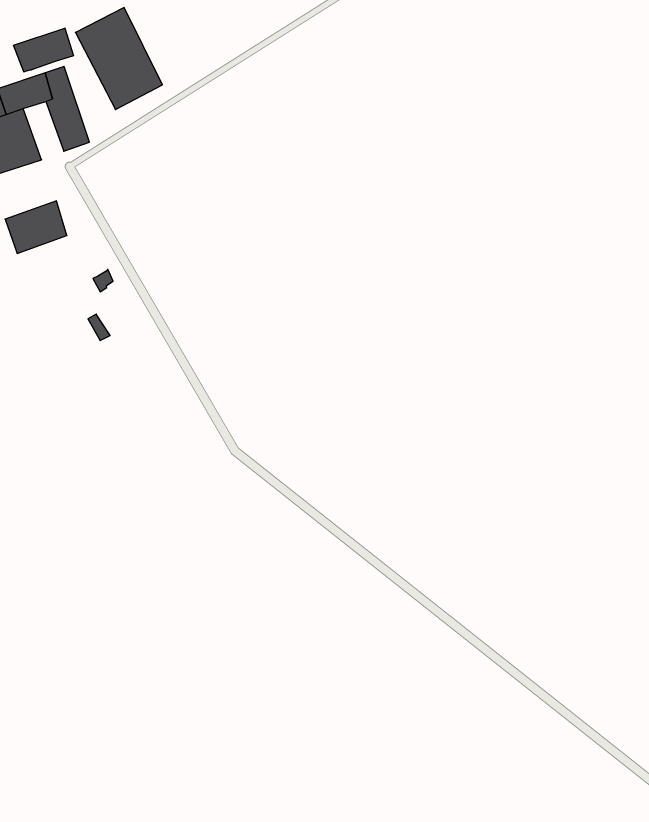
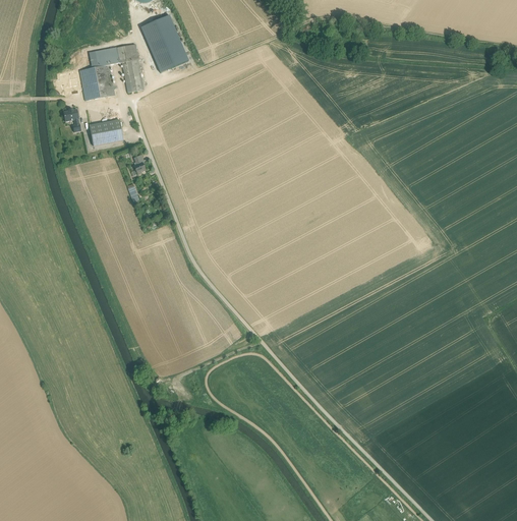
building: [14,28,74,72] -> none

